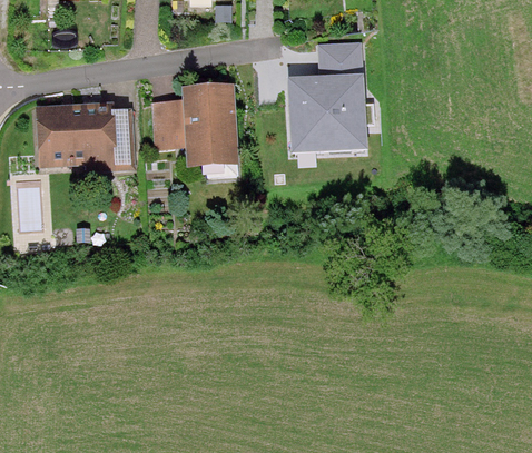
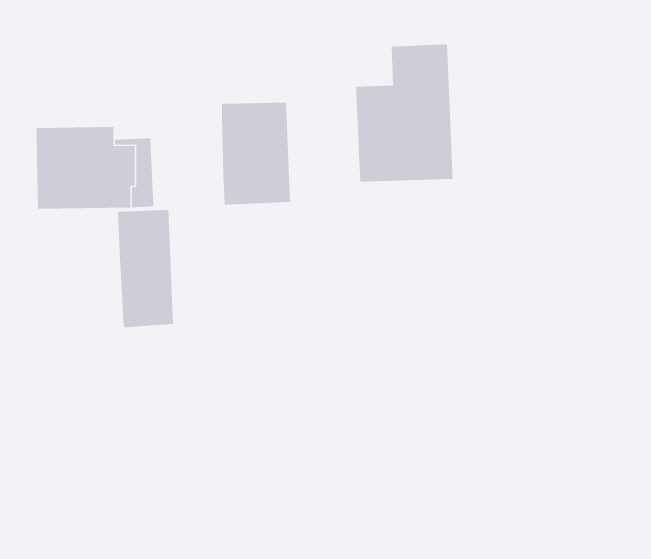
building: [154,98,186,145] -> none
building: none -> [117,209,173,328]

